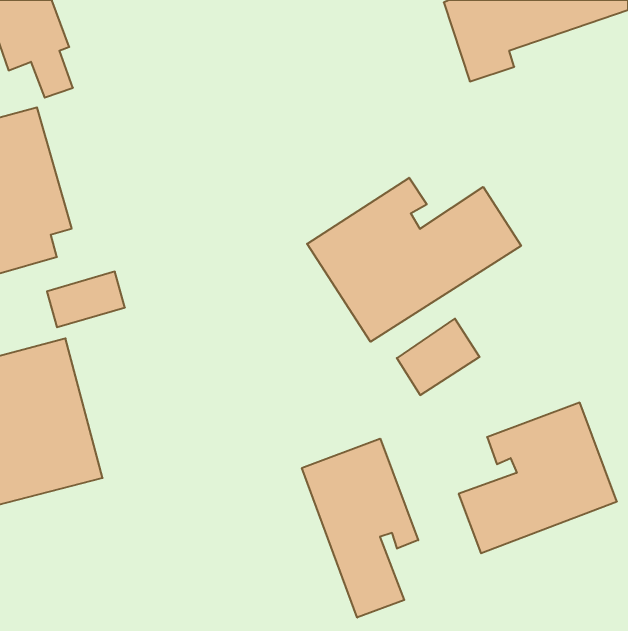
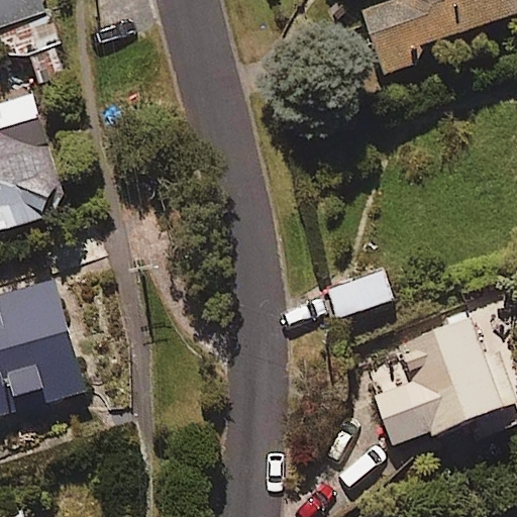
building: [307,178,521,342] -> none
building: [302,439,418,618] -> none

